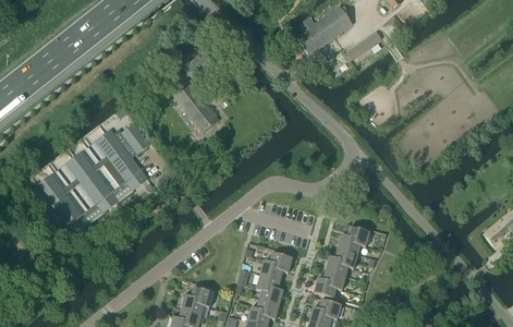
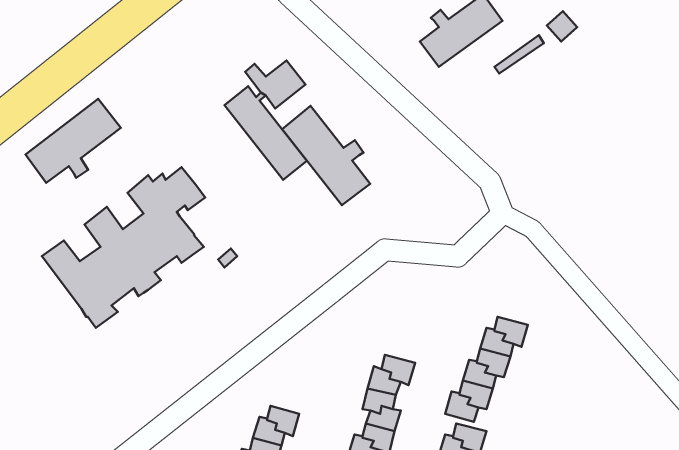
building: none -> [25,99,121,183]
building: none -> [282,106,370,205]

